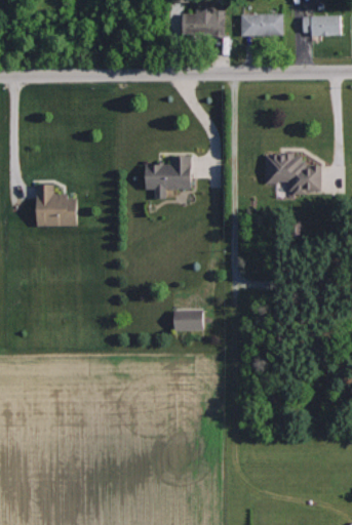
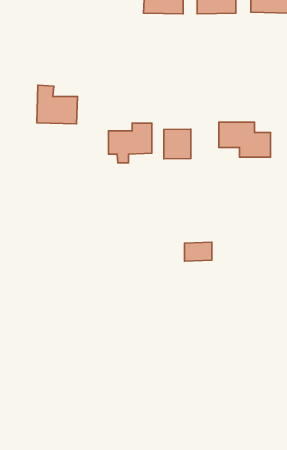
building: none -> [164,129,191,159]
building: [35,185,79,227] -> [37,85,77,124]
building: [173,311,203,331] -> [184,242,212,261]

